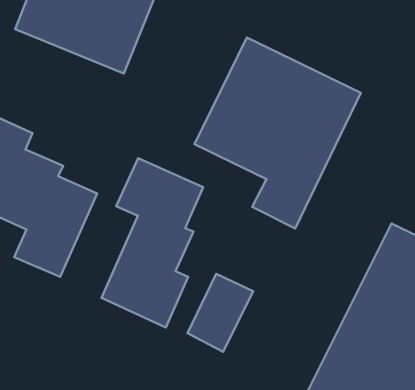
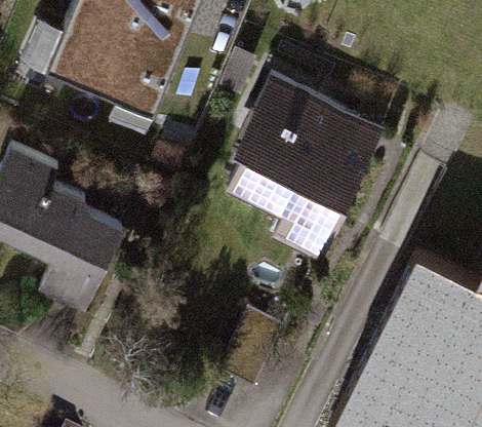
building: [102,158,203,328] -> none

